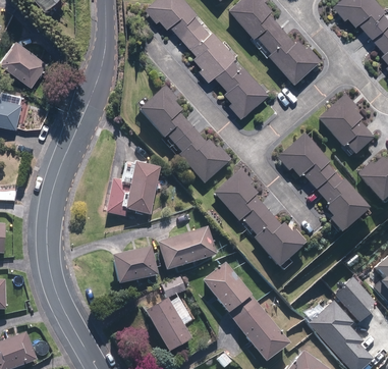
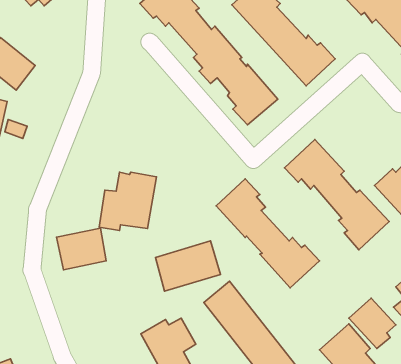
building: [140,86,231,183] -> none
building: [317,93,373,156] -> none
building: [112,245,157,282] -> [57,228,106,270]

